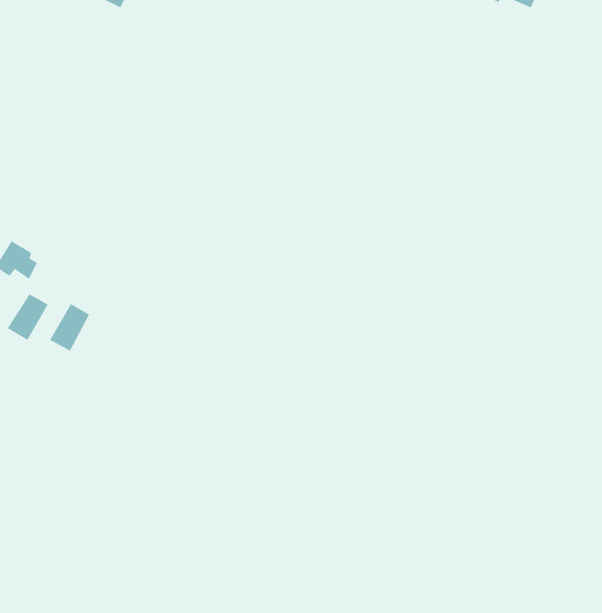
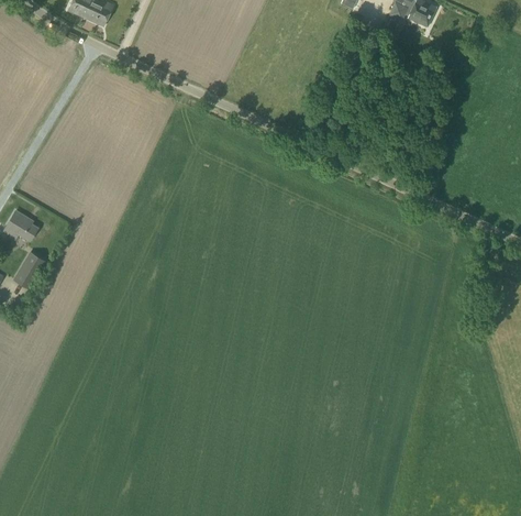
building: [49,303,90,352] -> none

